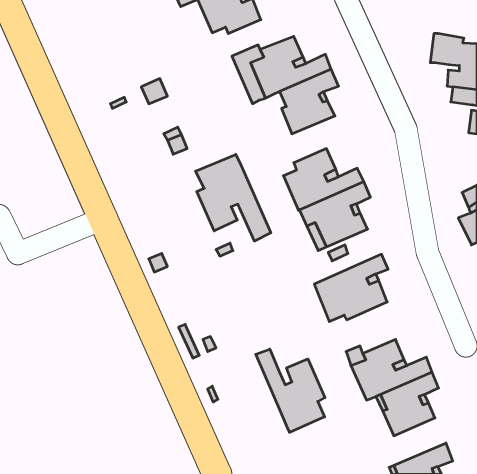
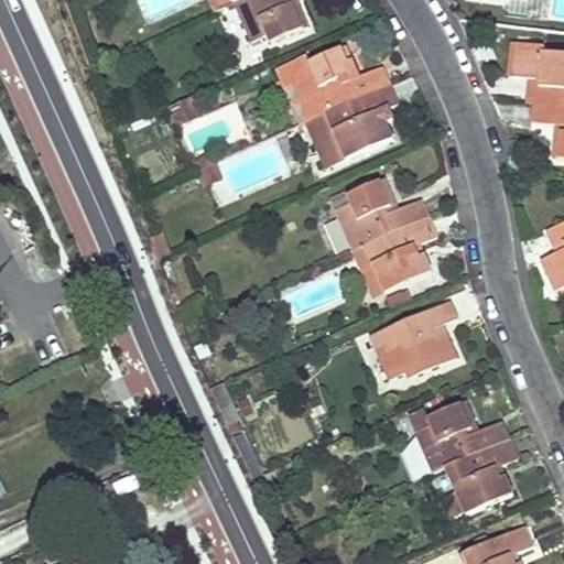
building: none -> [305,108,344,165]
building: [196,154,271,241] -> none
building: [256,349,325,432] -> none

